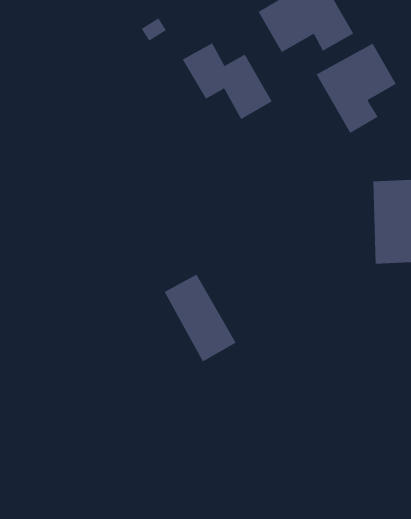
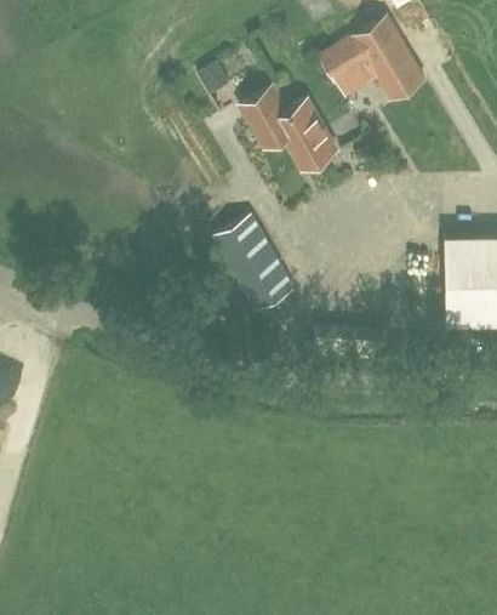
building: [316,43,396,134] -> none
building: [164,274,236,362] -> [216,217,293,312]

